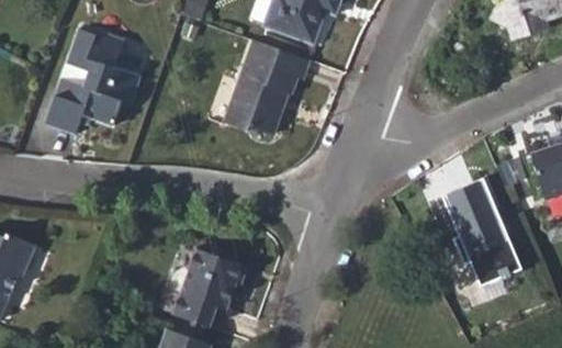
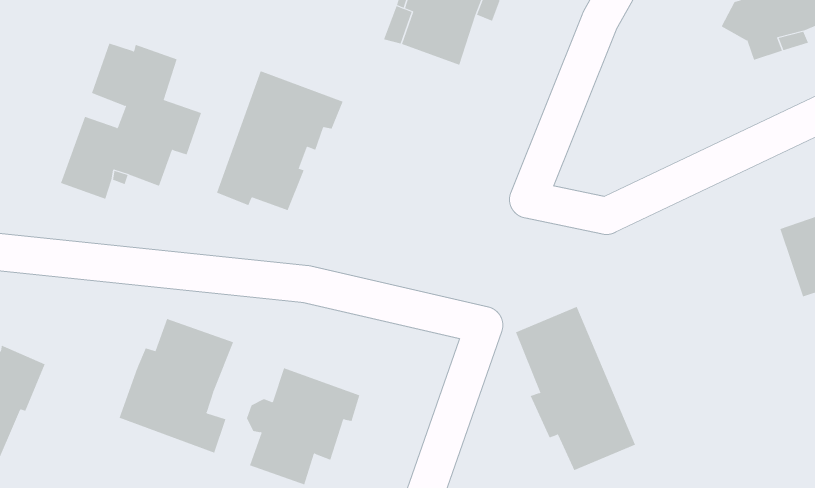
building: [224,41,310,135] -> [216,71,344,211]
building: [441,178,522,289] -> [515,306,636,471]
building: none -> [119,318,234,454]

